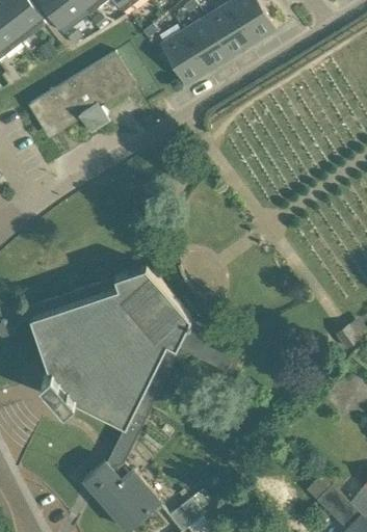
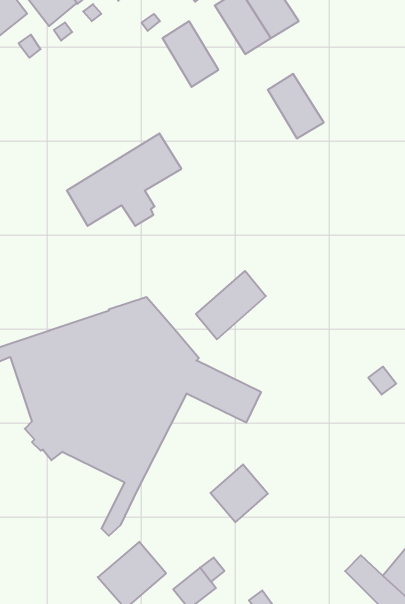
building: [182,17,230,72] -> [268,74,324,138]
building: [31,54,129,133] -> [67,133,181,226]
building: none -> [196,271,266,339]
building: none -> [210,464,268,522]
building: [82,460,139,505] -> none

